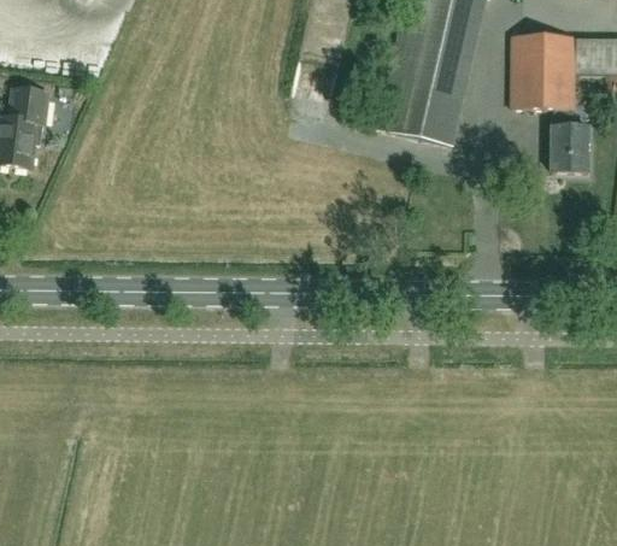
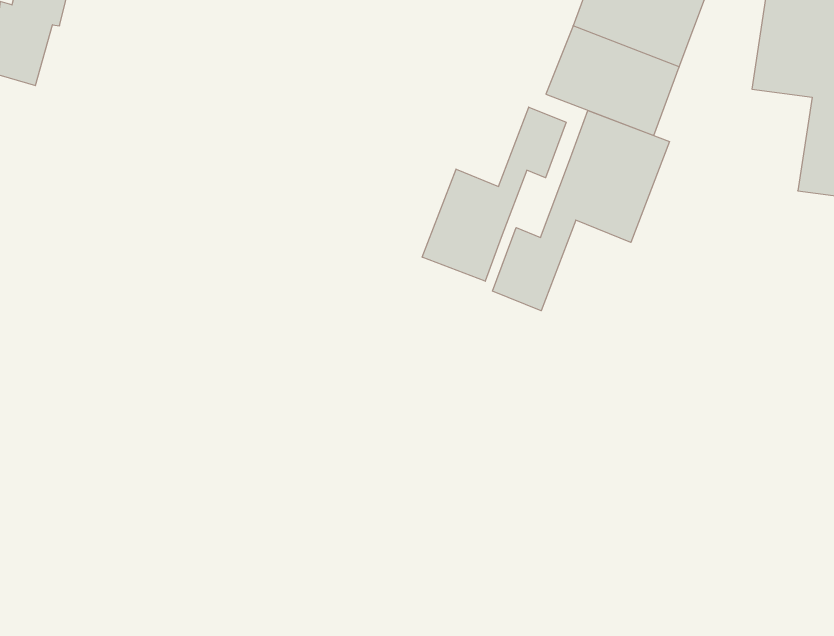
building: none -> [493,110,670,311]
building: none -> [422,107,566,281]

